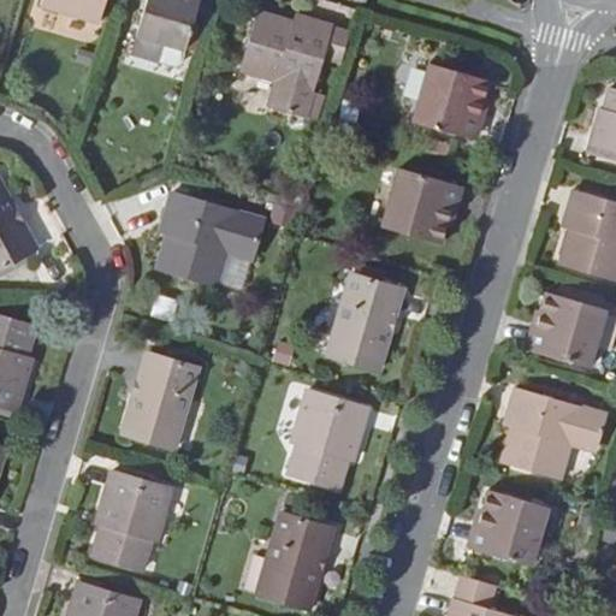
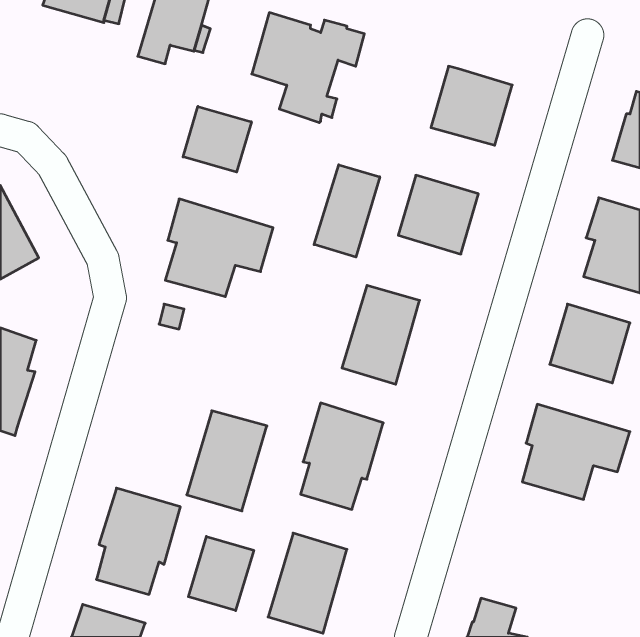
building: none -> [183,106,251,172]
building: none -> [314,165,380,257]
building: [123,353,200,449] -> [187,411,267,511]
building: [470,491,547,565] -> none
building: none -> [188,536,254,611]

